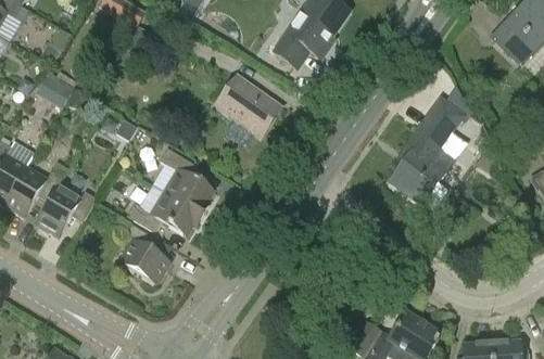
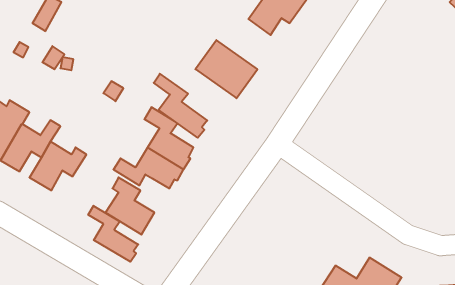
building: [389,99,464,203] -> none
building: none -> [154,74,207,138]
building: none -> [88,206,138,262]

